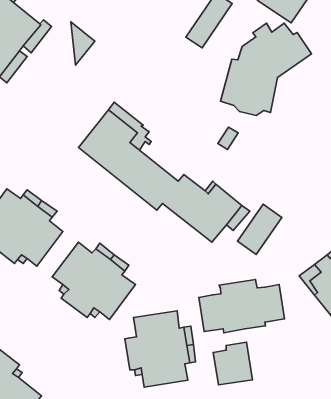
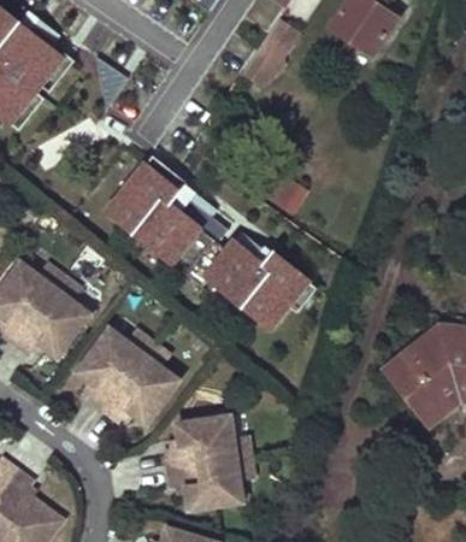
building: [221,23,311,115] -> none
building: [238,204,282,254] -> none
building: [199,279,284,333] -> none
building: [213,342,252,385] -> none

